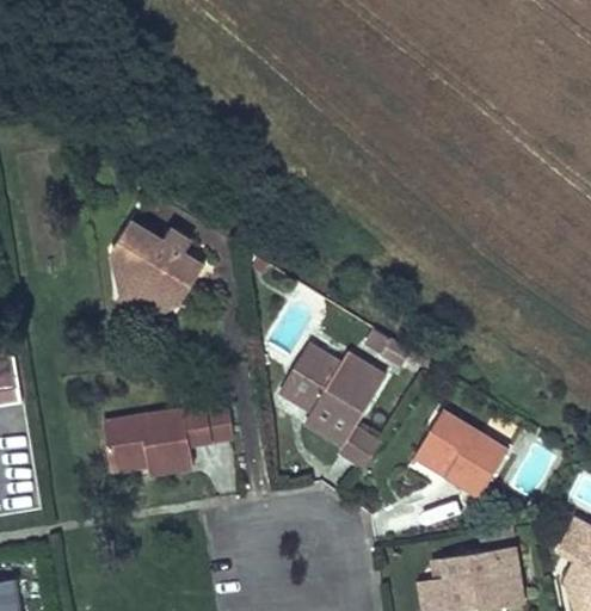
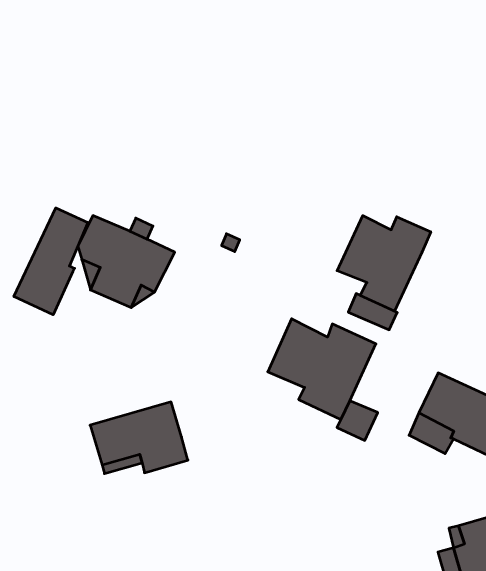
building: none -> [14,208,88,315]
building: none -> [337,216,431,311]
building: [183,394,234,443] -> none

